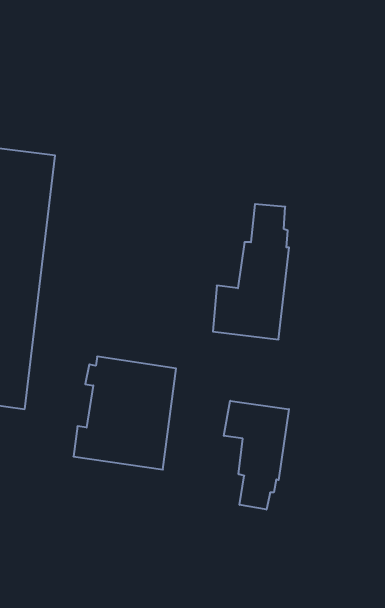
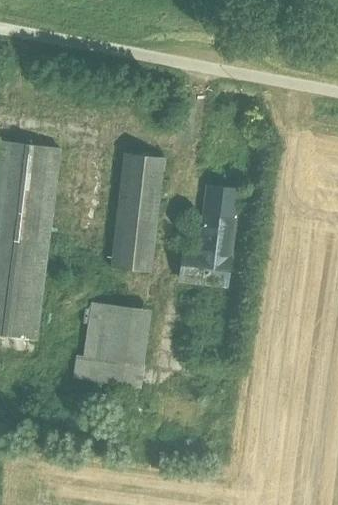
building: none -> [111,153,164,272]
building: [224,401,289,510] -> none

